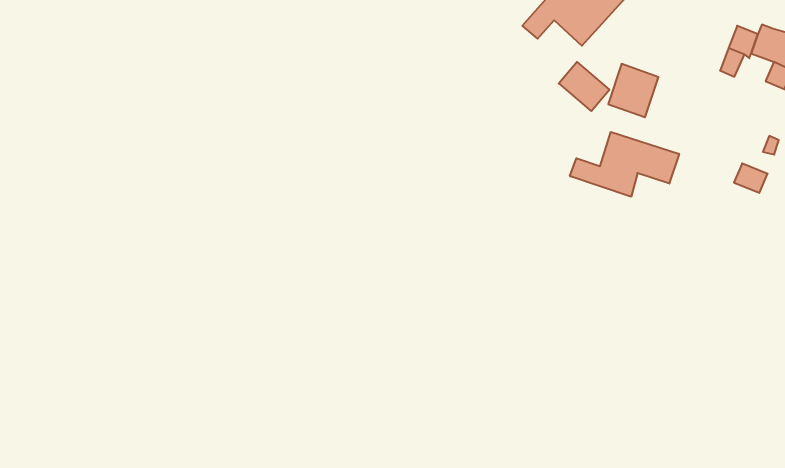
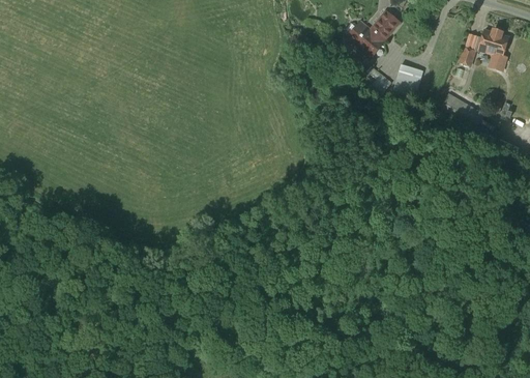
building: [570,132,679,197] -> none

